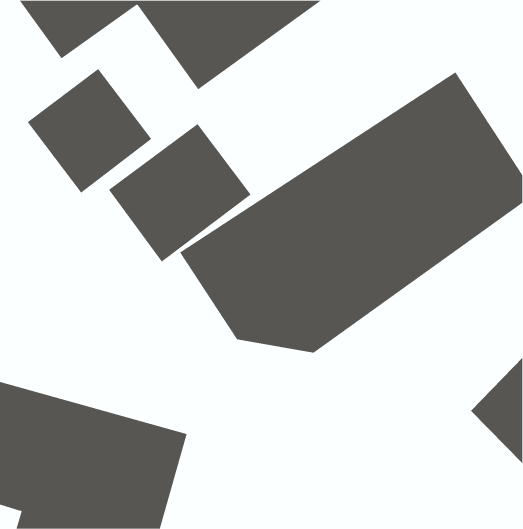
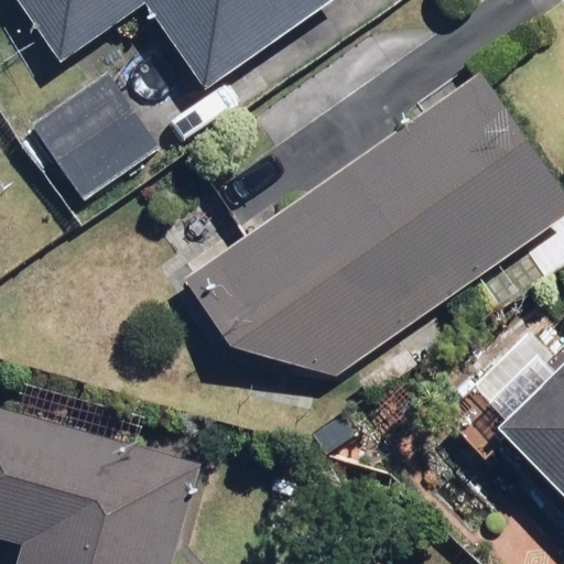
building: [108,123,252,262] -> none

